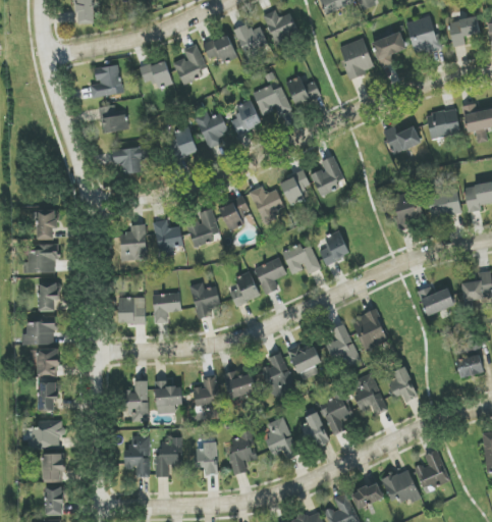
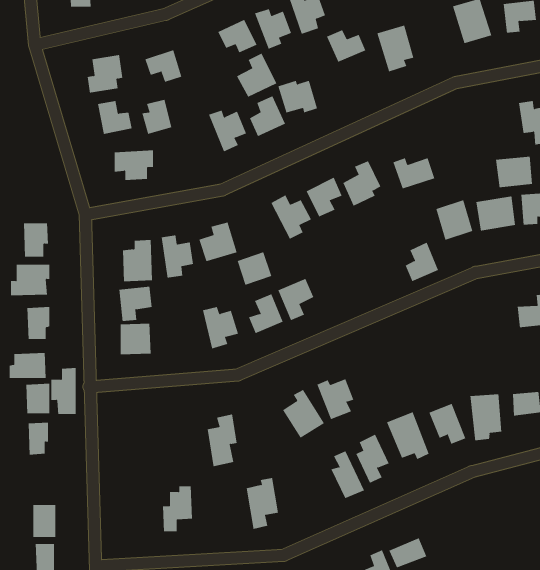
building: [371,32,406,67] -> none
building: [173,44,209,83] -> [236,53,277,97]
building: [285,76,320,105] -> [326,29,366,62]
building: [427,110,459,138] -> [495,156,533,188]
building: [384,126,421,154] -> [393,157,435,189]
building: [169,127,196,158] -> [142,99,172,135]
building: [220,198,251,227] -> [237,251,272,286]
building: [320,230,349,265] -> [405,242,439,282]
building: [282,244,321,274] -> none
building: [418,286,454,316] -> none
building: [152,293,181,323] -> [118,286,153,321]
building: [351,310,388,351] -> none
building: [325,324,362,368] -> none
building: none -> [470,394,502,441]
building: [223,370,256,399] -> none
building: [125,380,148,421] -> [51,367,76,415]
building: [156,380,182,414] -> none
building: [267,417,293,460] -> none
building: [23,420,63,448] -> none
building: [123,436,150,477] -> none
building: [197,441,218,475] -> none
building: [415,451,448,491] -> none
building: [382,468,421,503] -> none

